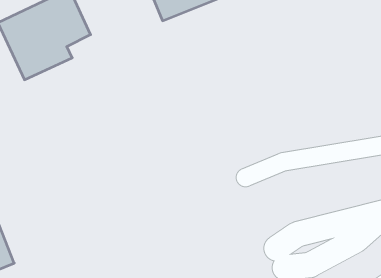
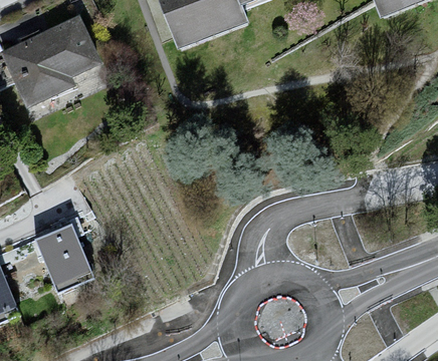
building: none -> [33,222,92,291]

